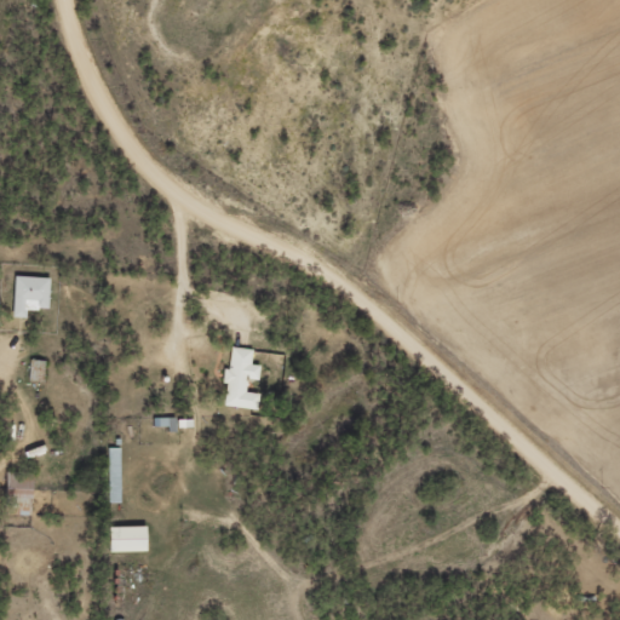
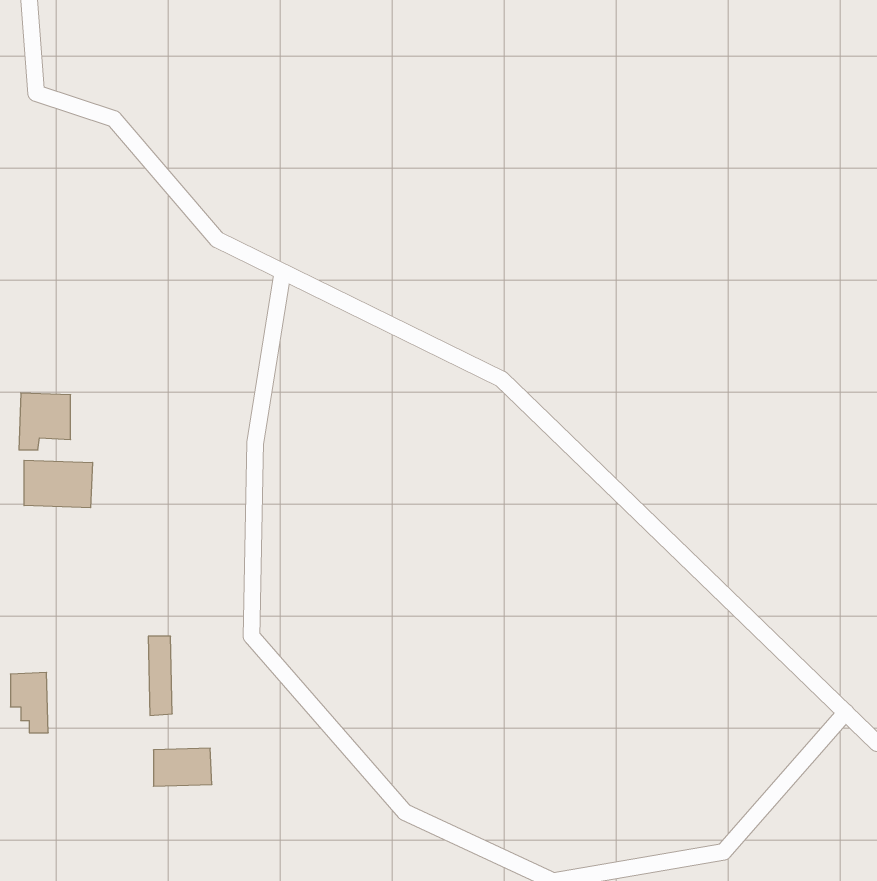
building: none -> [24,460,93,508]
building: [225,346,260,408] -> none

